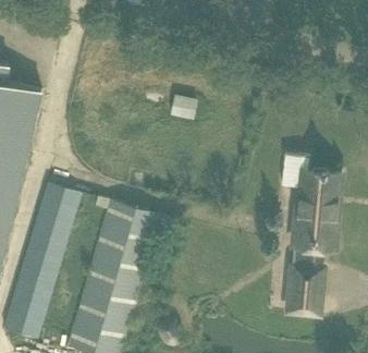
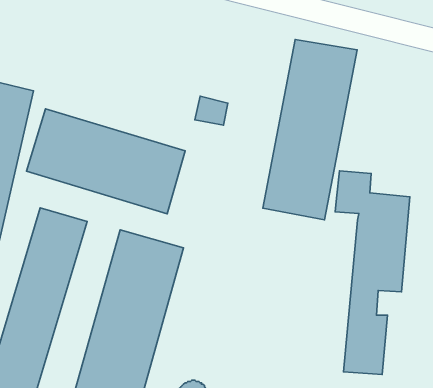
building: none -> [263,39,357,220]
building: none -> [27,109,185,214]

